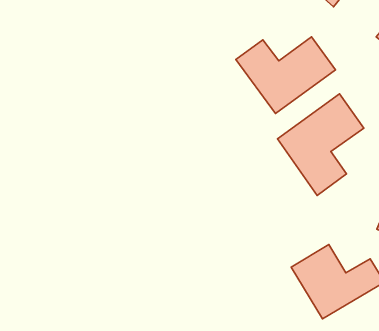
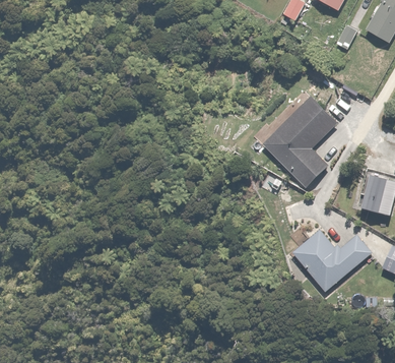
building: [236,37,335,113] -> none

